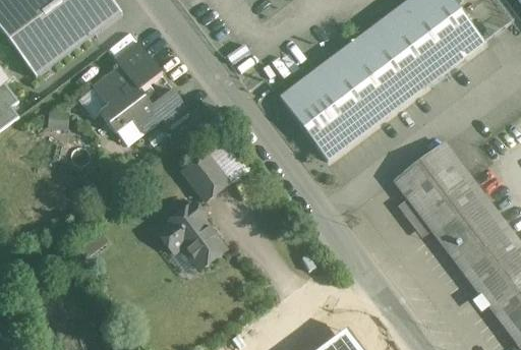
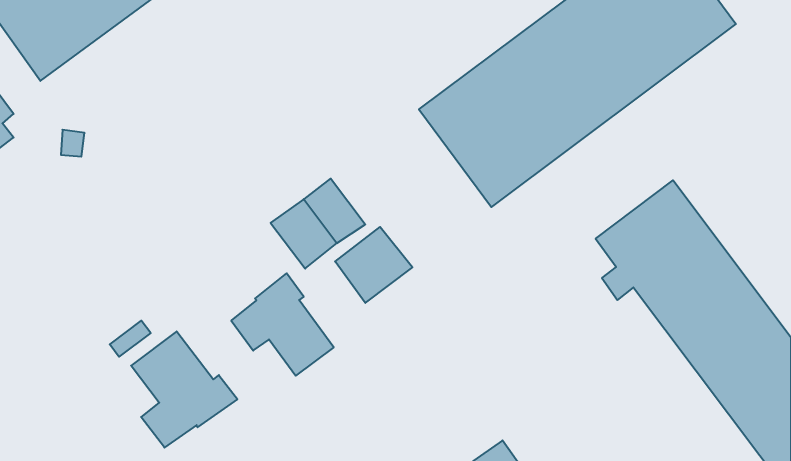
building: [93,41,189,143] -> none
building: none -> [335,227,412,303]
building: none -> [131,331,237,448]

